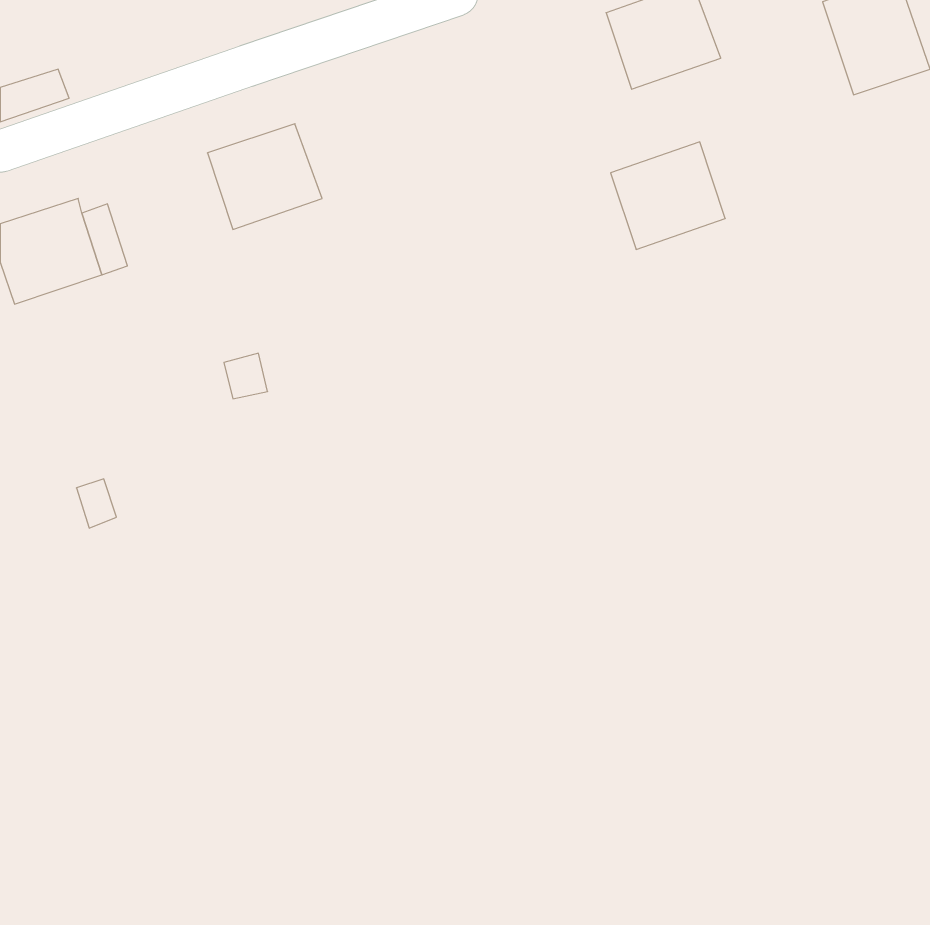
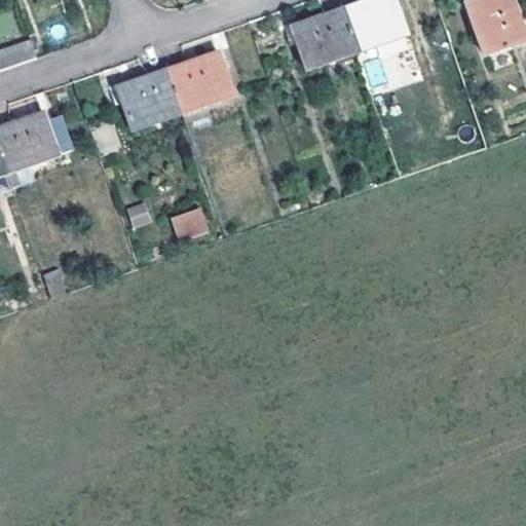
building: none -> [166,51,232,112]
building: [611,142,725,249] -> [292,7,356,68]
building: none -> [171,204,209,235]

